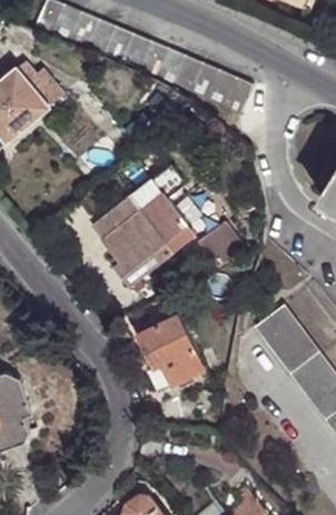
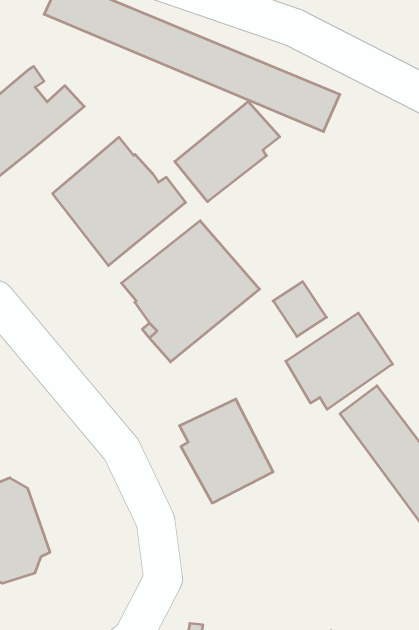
building: none -> [175,102,280,202]
building: none -> [53,137,186,266]
building: none -> [286,313,393,409]

